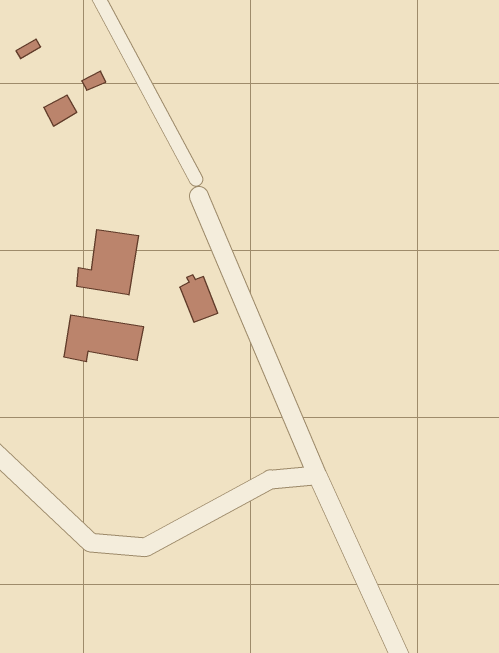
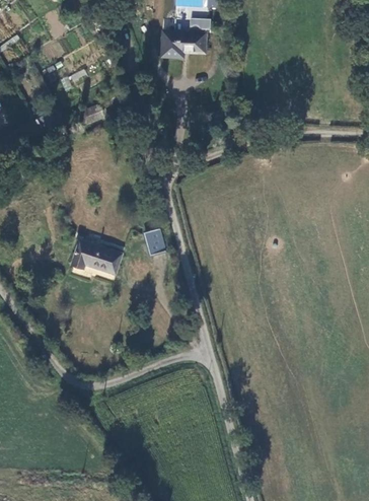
building: [77,230,139,295] -> none

